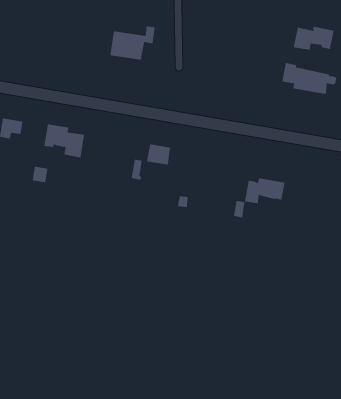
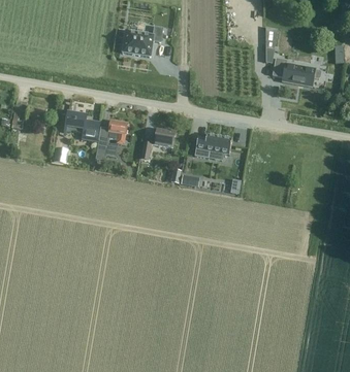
building: [293,26,334,50] -> none
building: none -> [95,121,127,160]
building: [244,178,285,204] -> [195,134,231,157]

